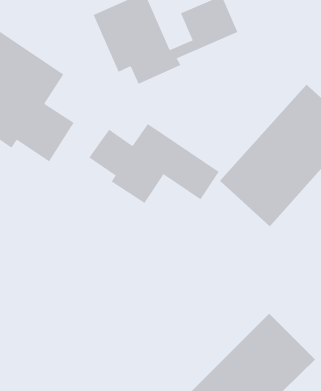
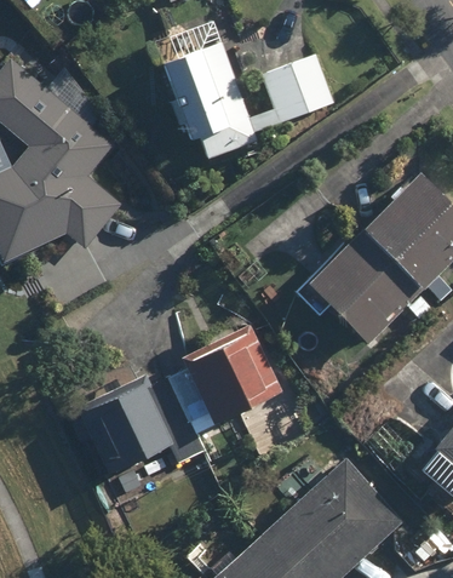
building: [89,123,220,204] -> none
building: none -> [75,330,282,475]

